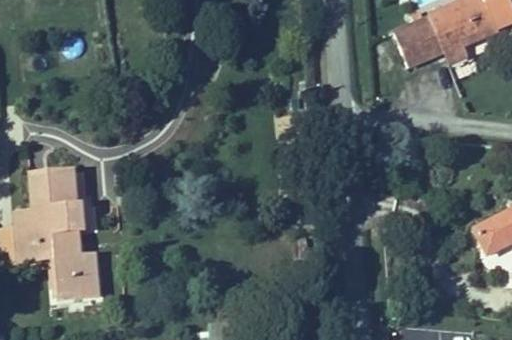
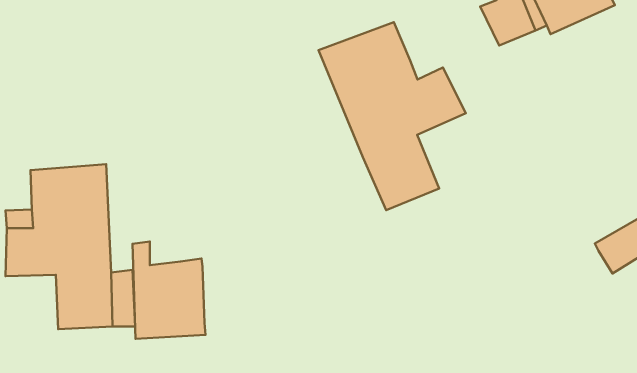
building: none -> [318,22,466,210]
building: none -> [133,242,205,339]

